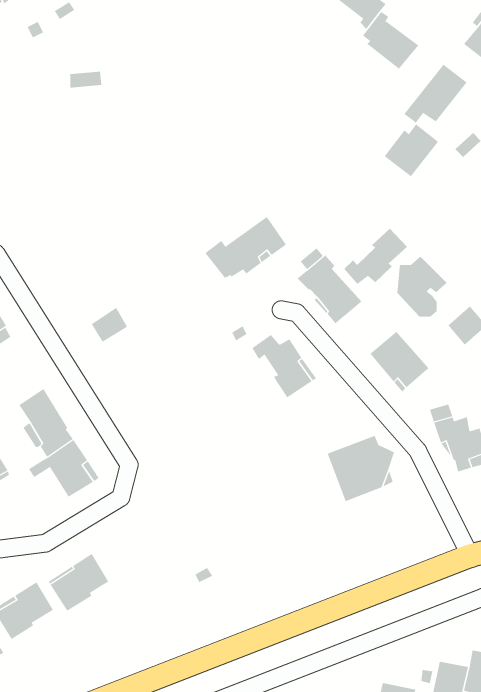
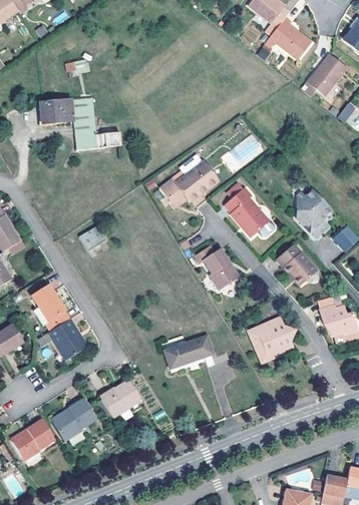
building: [384,124,439,177] -> none
building: none -> [40,98,120,148]
building: [344,228,408,285] -> none
building: none -> [164,335,214,369]
building: none -> [93,378,141,420]

